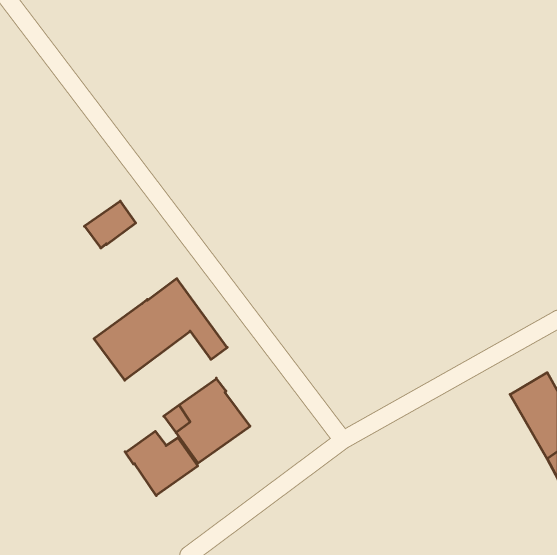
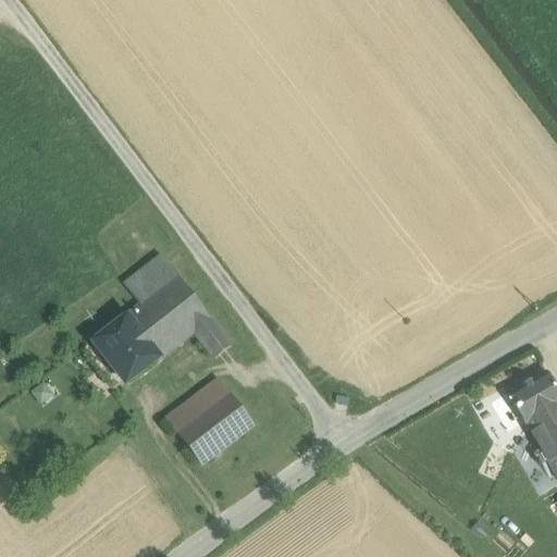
building: [84,201,136,248] -> [126,256,177,302]
building: [125,431,198,496] -> none

